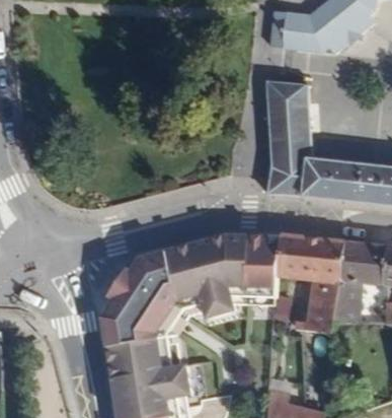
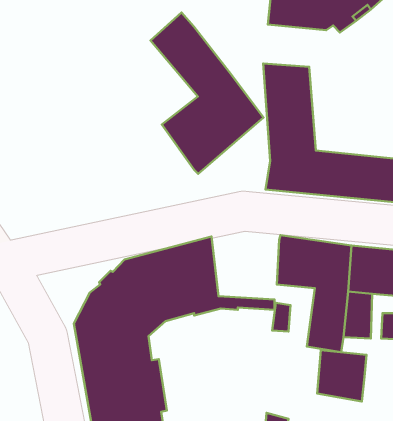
building: none -> [150,13,264,174]
building: [220,234,280,290] -> none
building: none -> [317,350,366,402]

